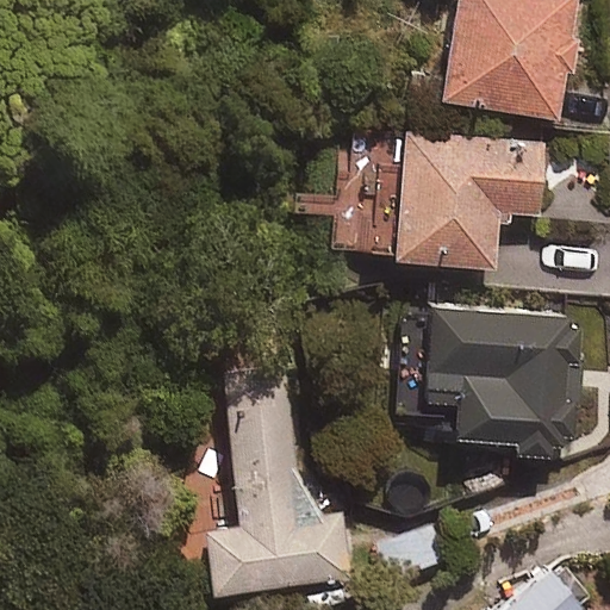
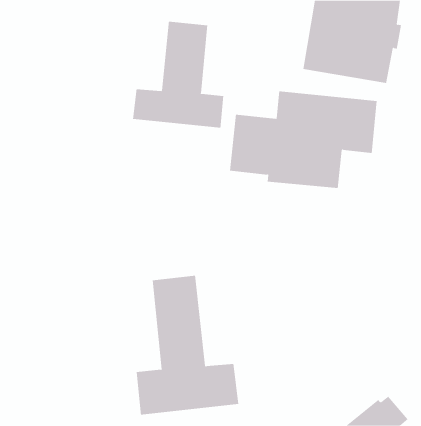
building: none -> [133,21,224,129]
building: [424,310,583,458] -> none

